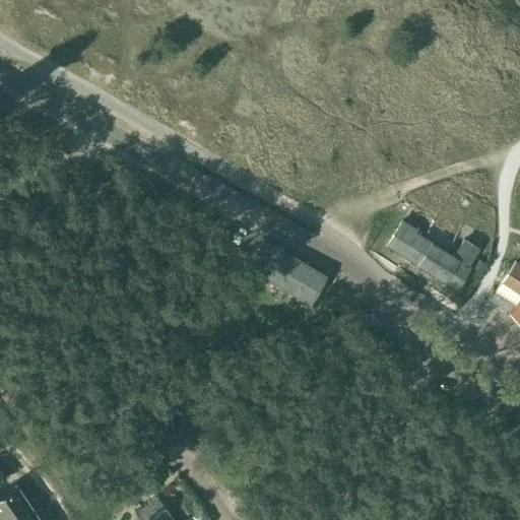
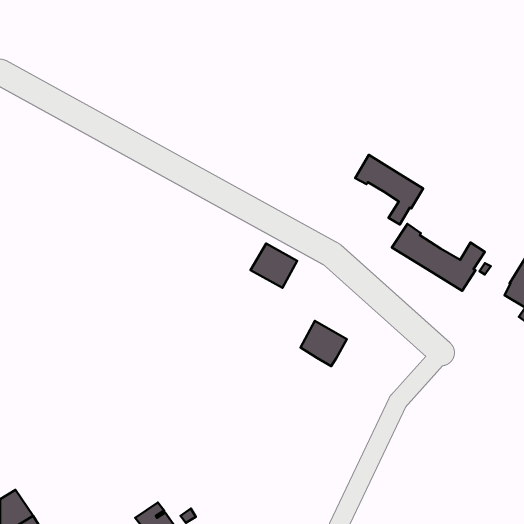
building: none -> [355,155,423,224]
building: [281,260,327,305] -> [300,321,347,366]

